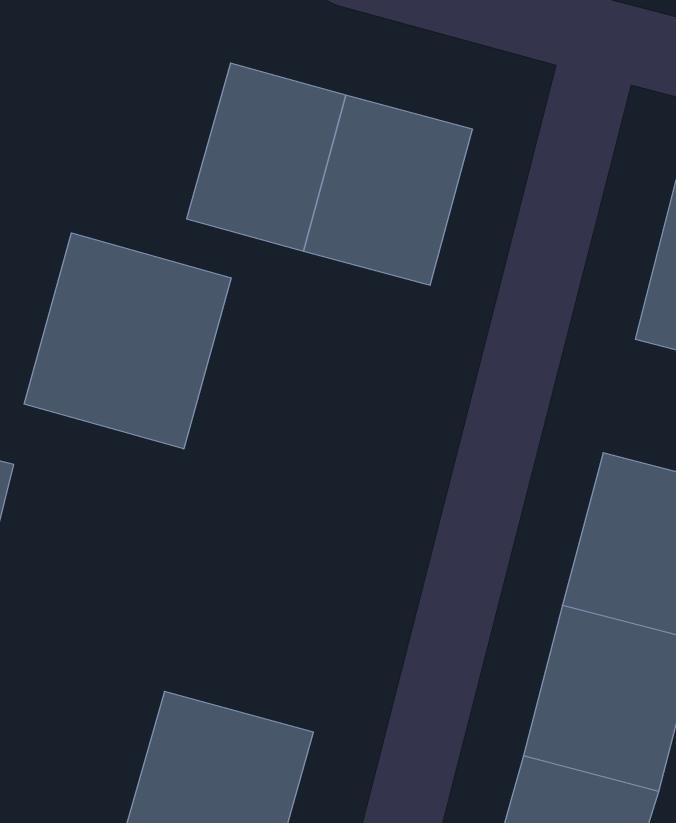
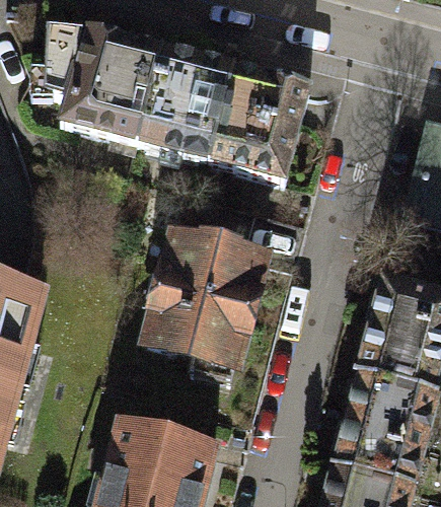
building: none -> [42,24,163,144]
building: [24,233,231,449] -> none
building: none -> [146,236,266,367]

